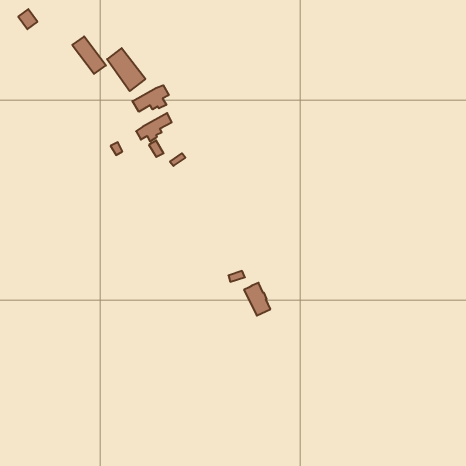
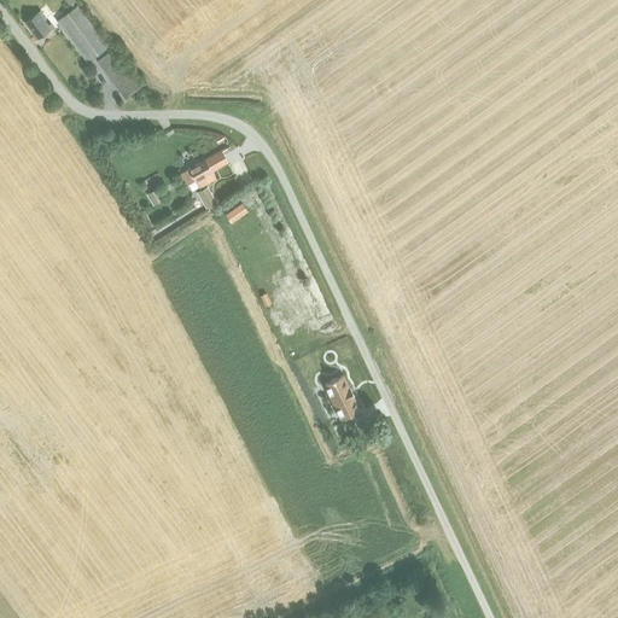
building: [107,48,145,91] -> [57,5,107,62]
building: [132,85,169,112] -> none

